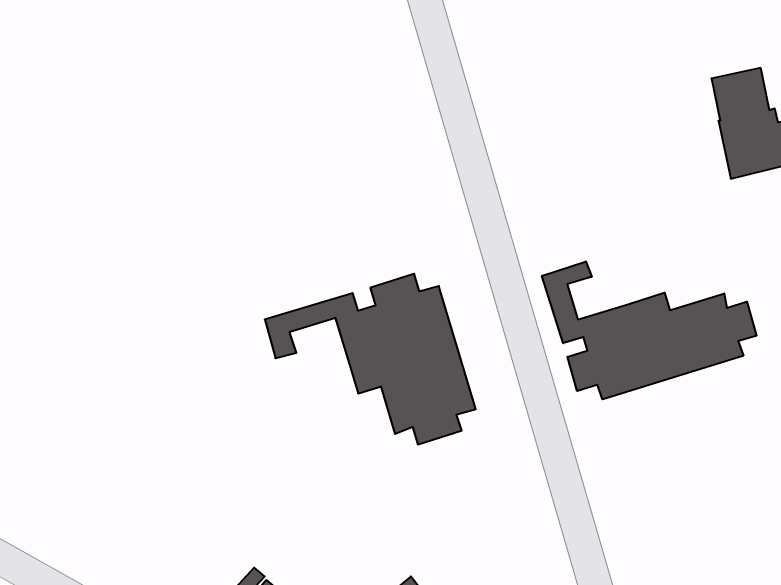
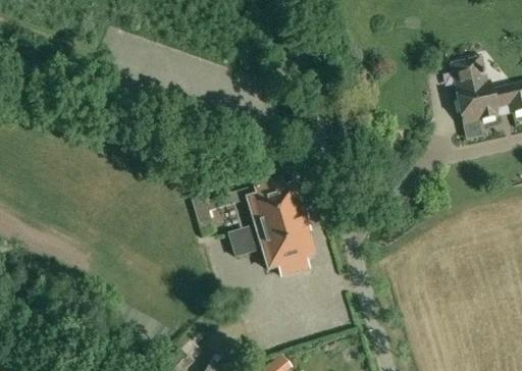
building: [542,261,757,399] -> none

